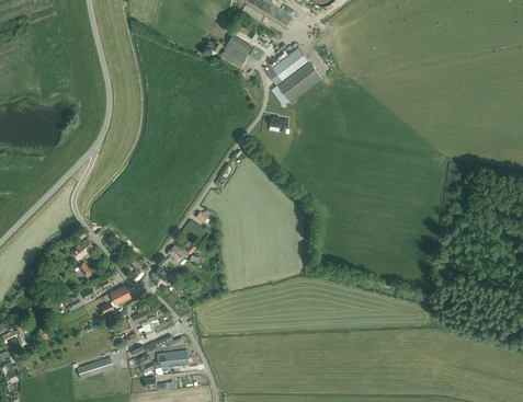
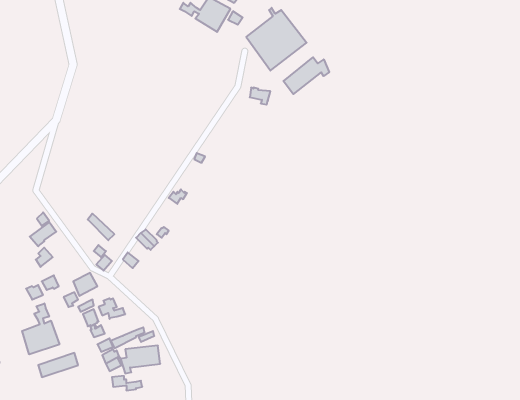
building: none -> [283,57,329,94]
building: none -> [22,303,59,354]

